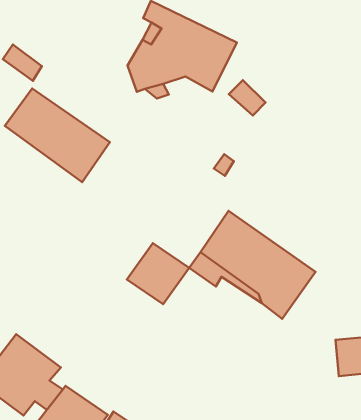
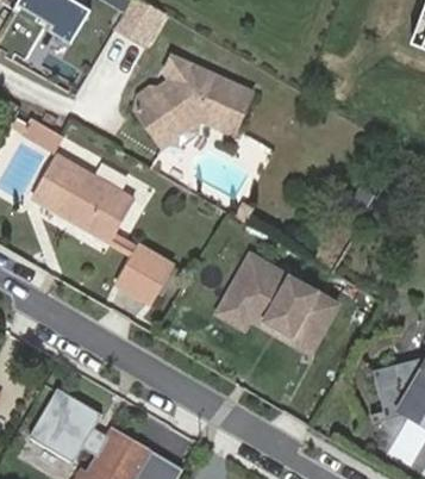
building: [127,243,189,304] -> [113,244,170,300]

